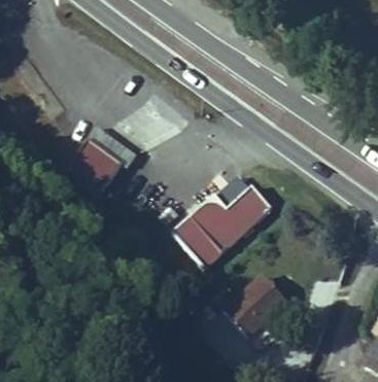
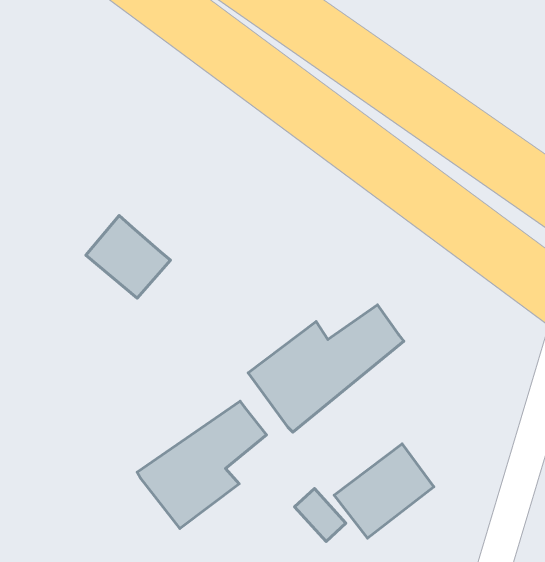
building: none -> [137,401,266,528]

